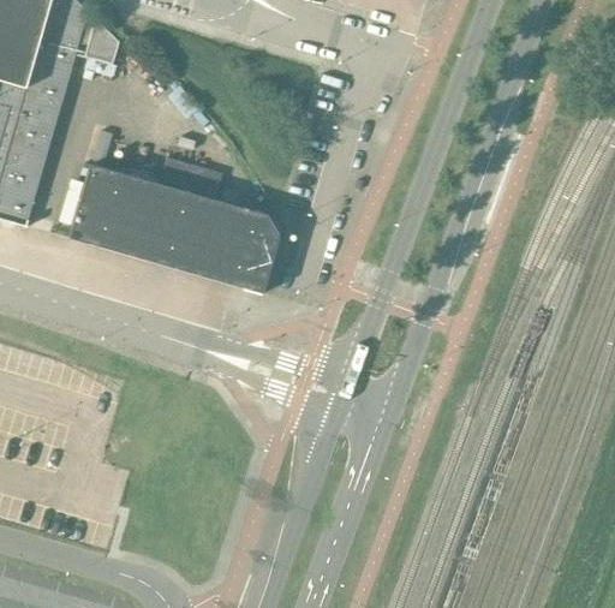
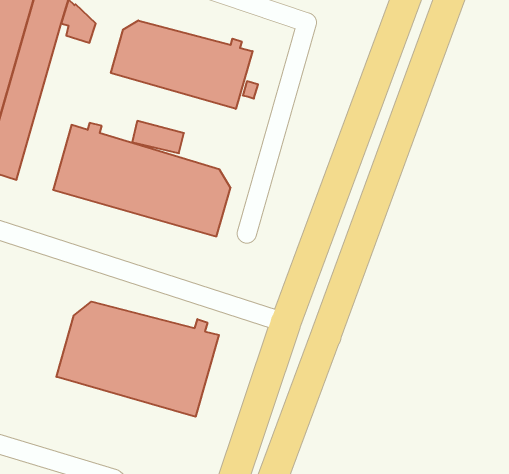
building: none -> [111,20,253,109]
building: none -> [56,302,219,417]

